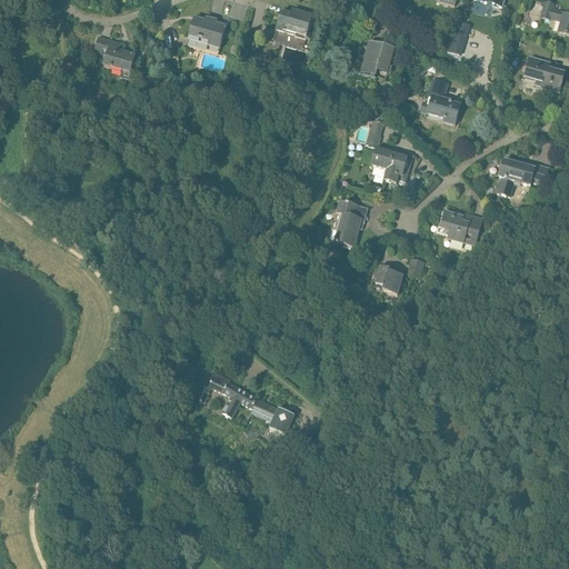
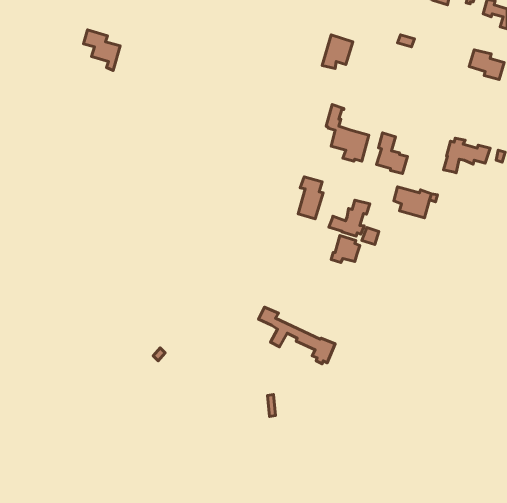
building: [272,8,313,47] -> none
building: [184,14,226,53] -> none
building: [426,77,460,122] -> [377,133,407,174]
building: none -> [329,200,370,236]
building: [208,371,293,435] -> [258,307,335,364]

